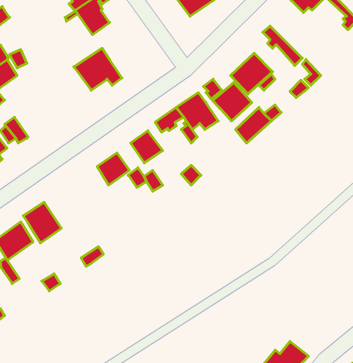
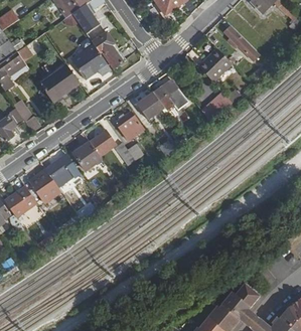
building: none -> [91,30,122,67]
building: none -> [38,63,78,101]
building: [213,82,252,121] -> none
building: none -> [72,140,100,169]
building: none -> [45,154,79,186]

